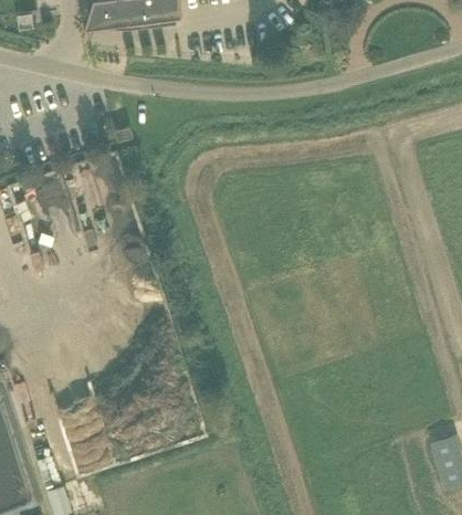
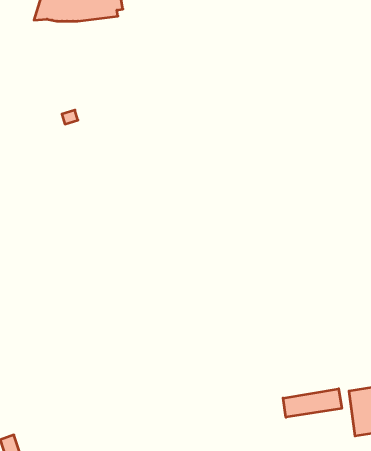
building: none -> [283,389,342,417]

